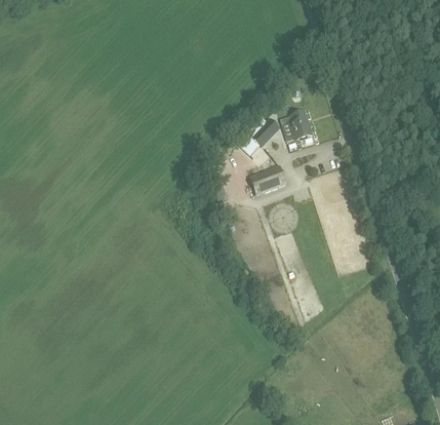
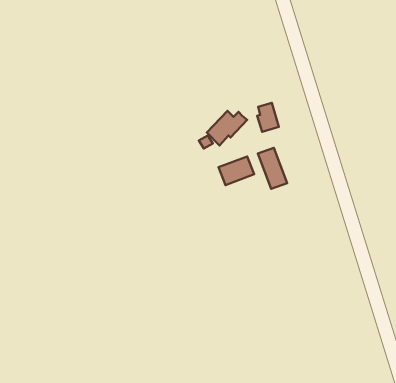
building: none -> [258,148,287,189]

